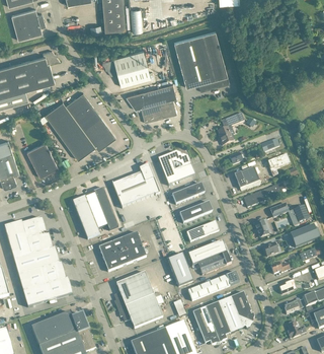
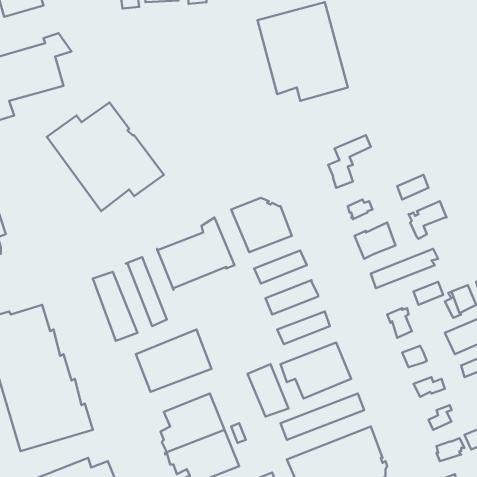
building: [101,49,150,85] -> none
building: [125,82,176,121] -> none
building: [26,141,57,175] -> none

